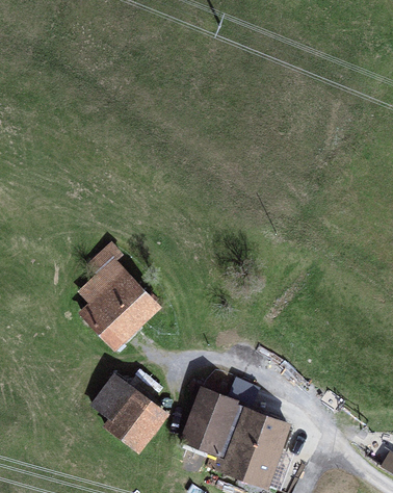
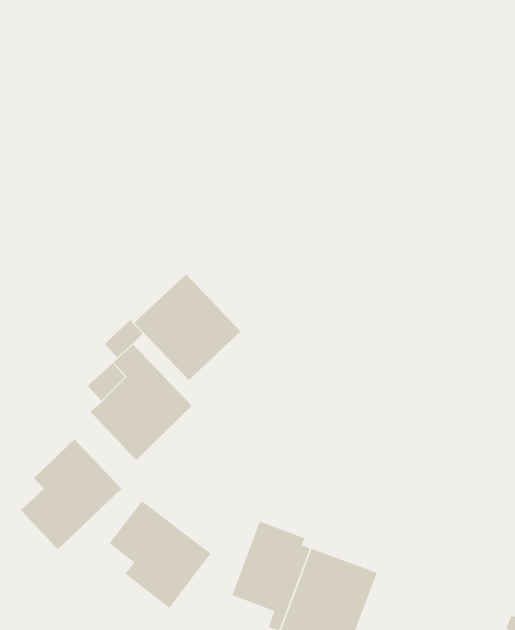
building: none -> [134,274,241,381]
building: none -> [20,438,122,550]

